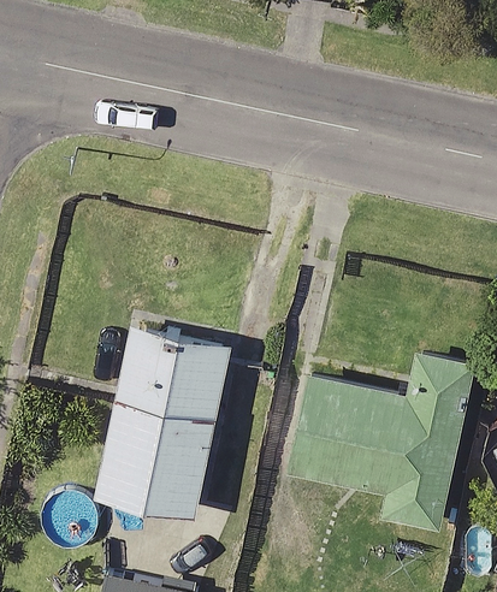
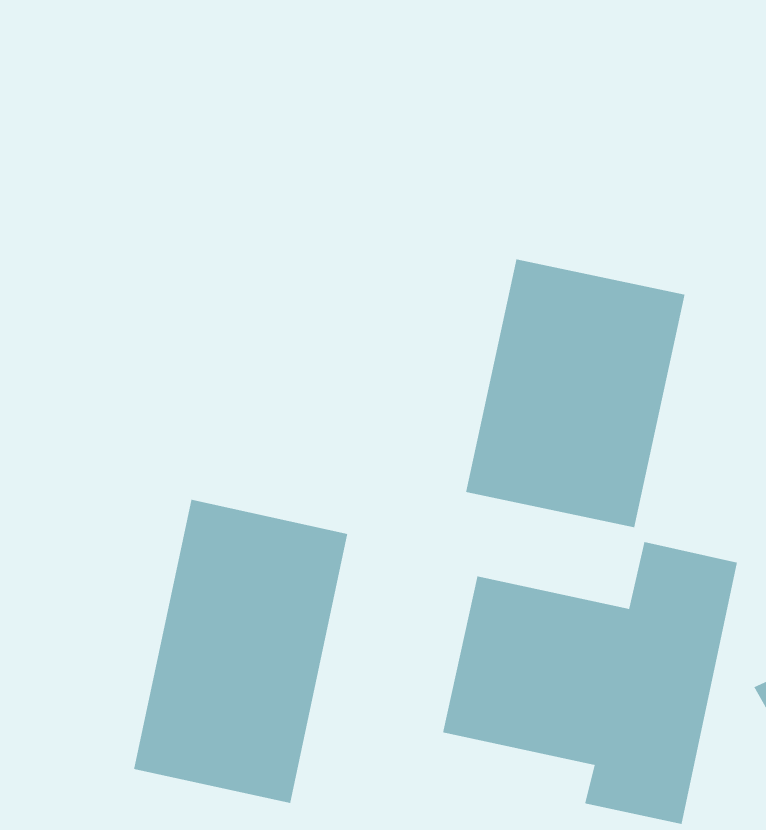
building: none -> [465,259,685,528]

